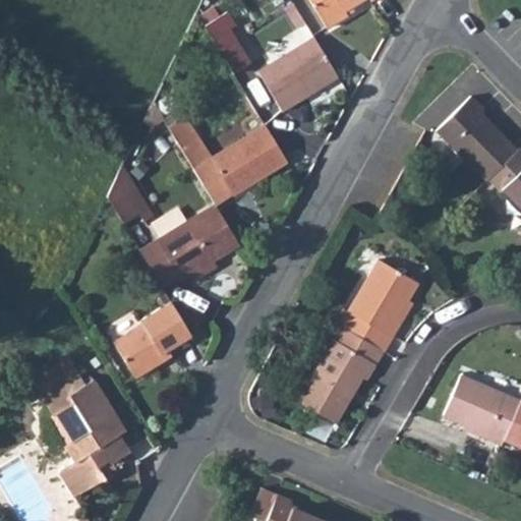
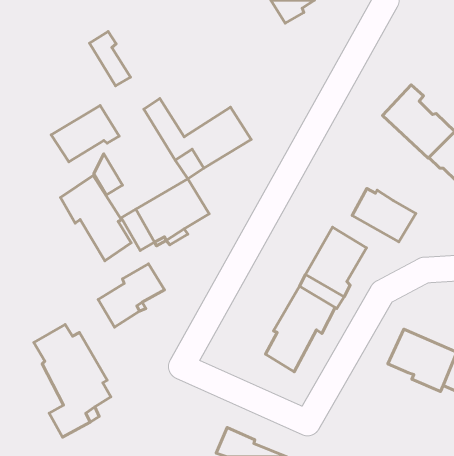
building: [206,12,252,74] -> [90,31,131,86]
building: [258,38,339,113] -> none
building: none -> [51,105,119,162]
building: none -> [60,175,131,261]
building: none -> [352,188,416,242]

